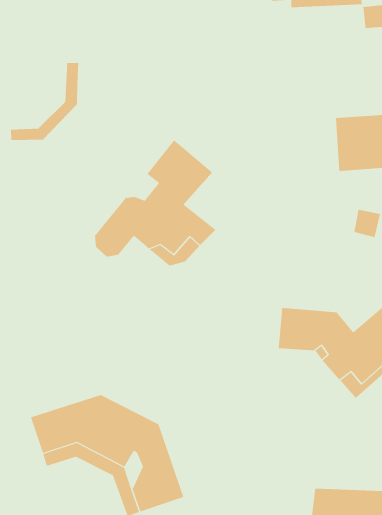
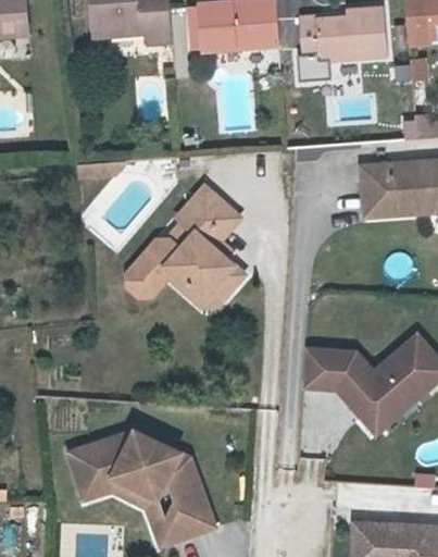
building: [11,62,79,141] -> none

